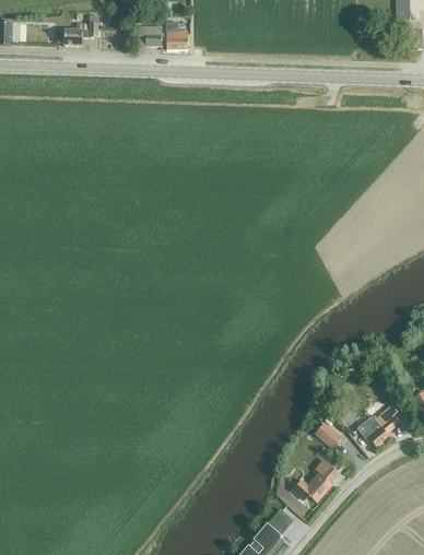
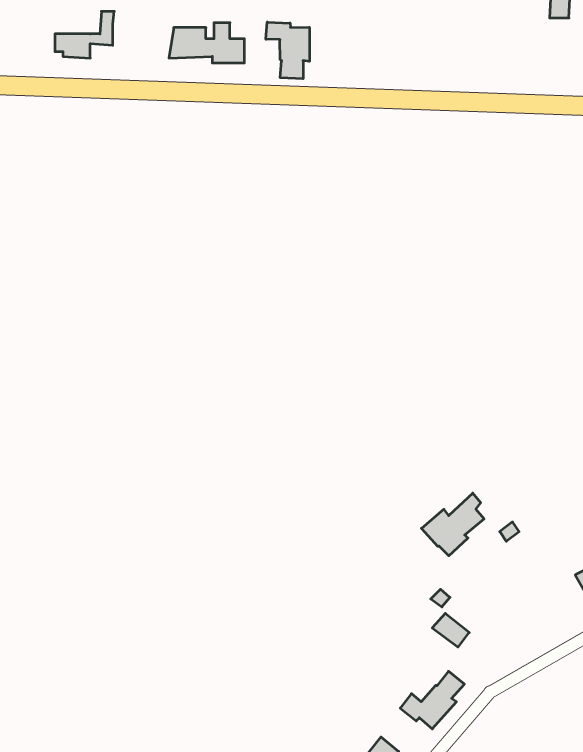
building: none -> [266,22,309,79]
building: [357,403,400,446] -> [421,493,484,556]

